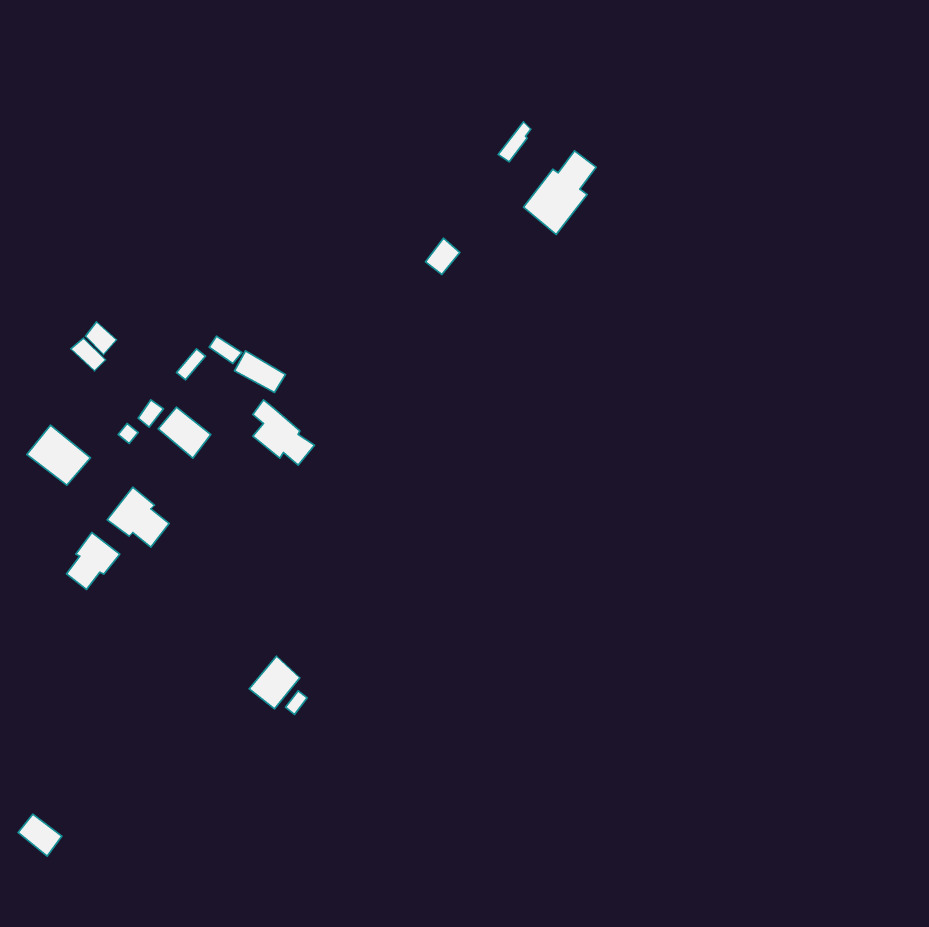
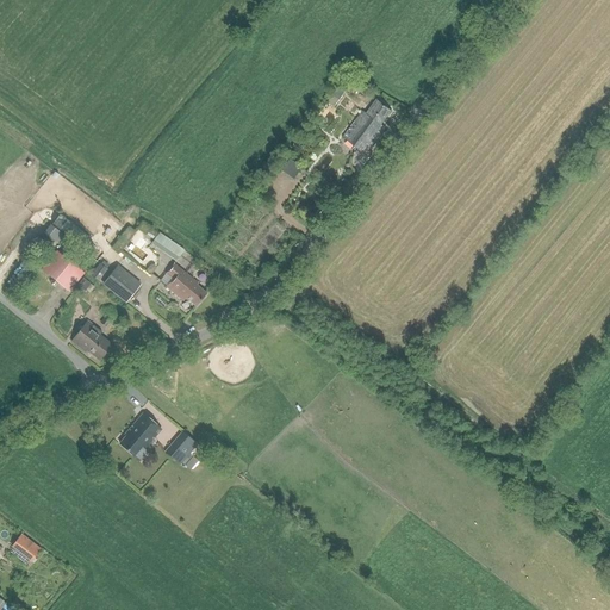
building: [27,425,90,485] -> [42,250,83,290]
building: [67,532,120,589] -> none
building: none -> [119,413,161,455]

